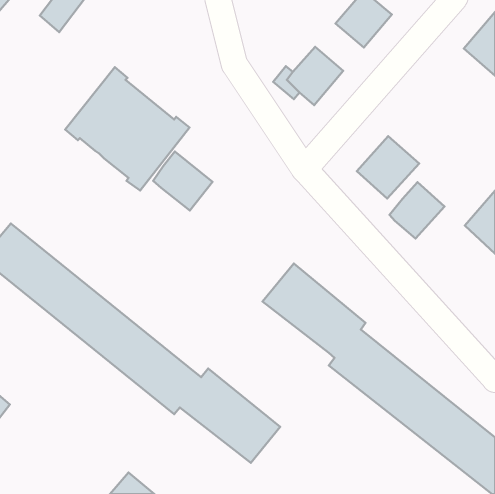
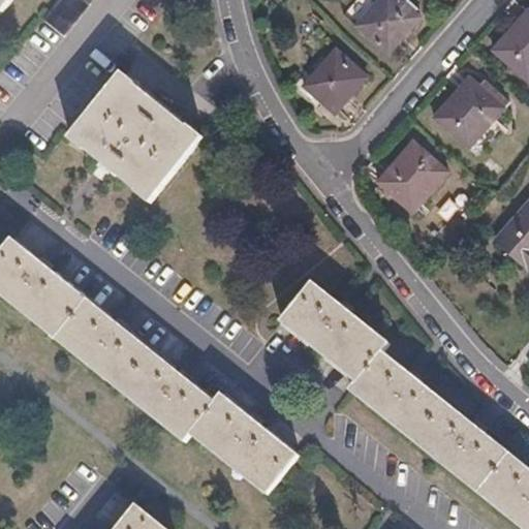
building: none -> [434,81,501,148]
building: [153,152,213,210] -> none
building: [390,182,444,239] -> none

